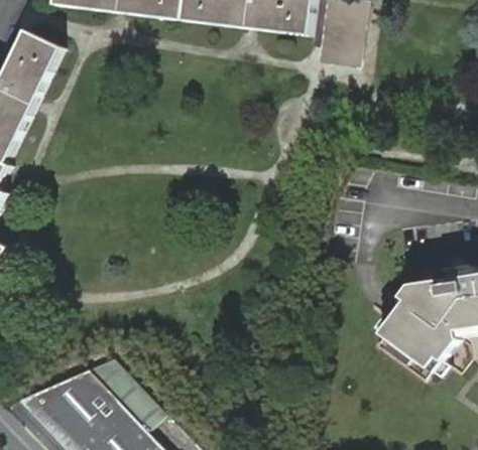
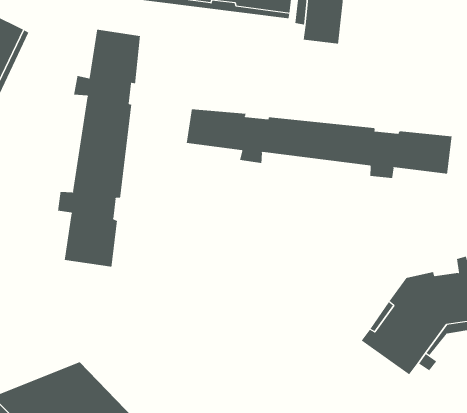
building: none -> [58,29,140,267]
building: none -> [186,108,452,179]

